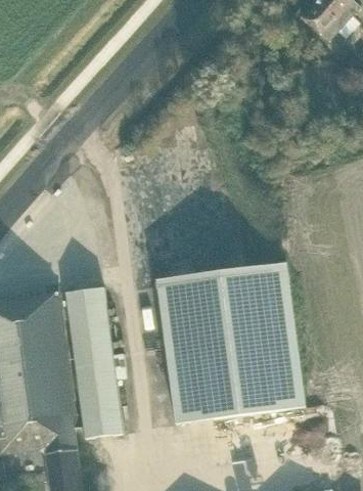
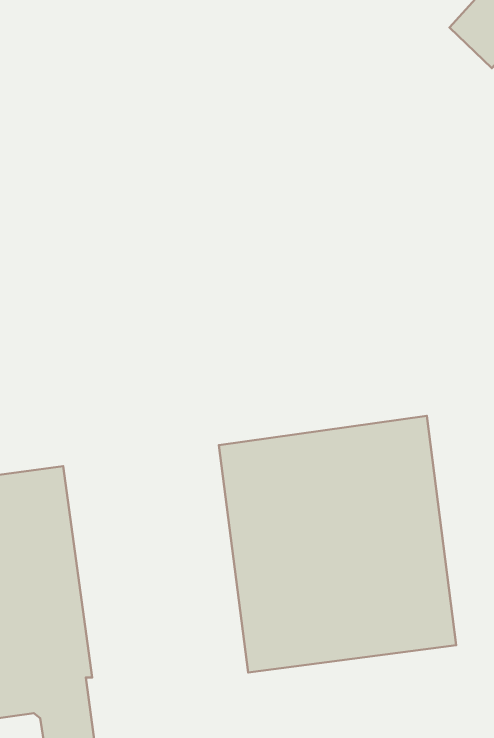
building: [64,287,124,439] -> none

